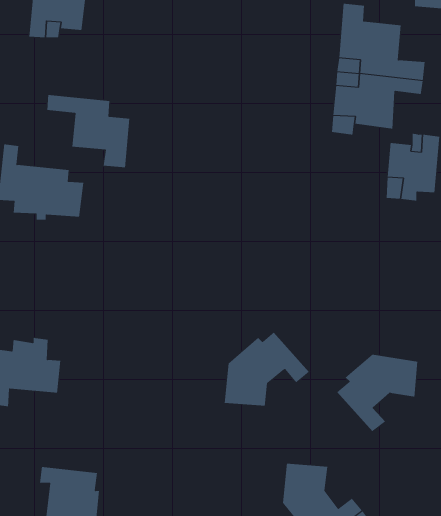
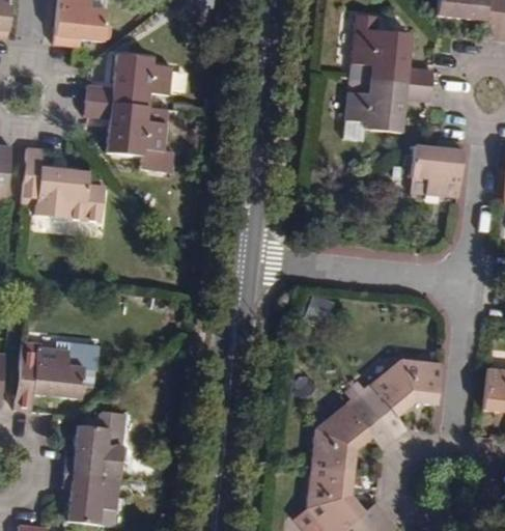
building: none -> [73,52,161,106]
building: [224,332,310,406] -> [309,394,394,468]
building: none -> [66,409,133,474]

